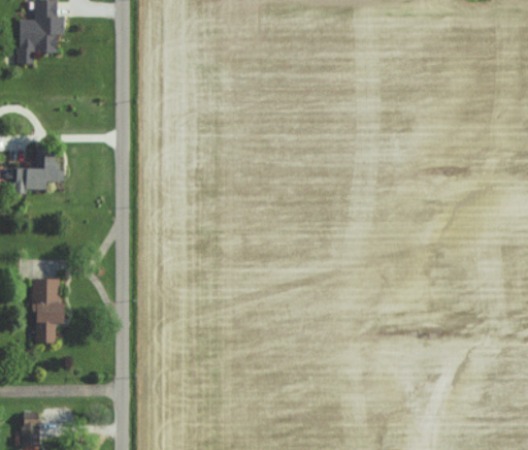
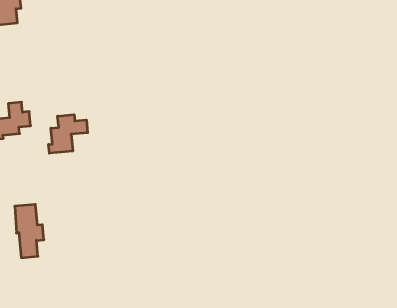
building: none -> [49,115,88,153]

